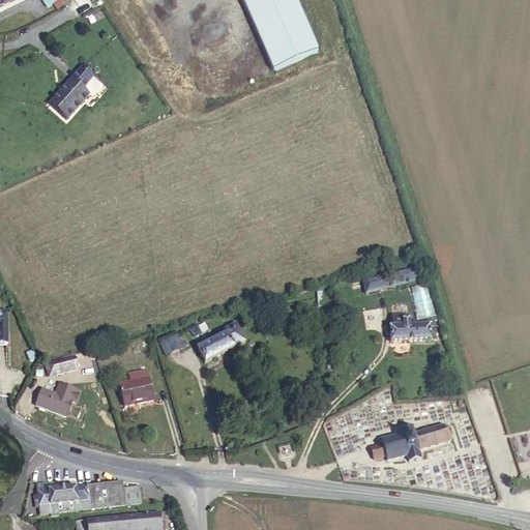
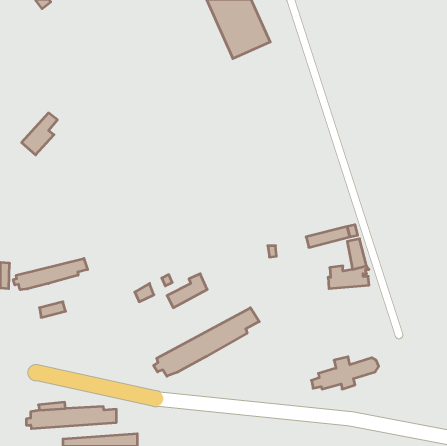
building: [50,66,92,116] -> [22,113,57,155]
building: none -> [13,258,88,290]
building: none -> [154,308,259,376]
building: [118,366,154,407] -> none
building: [35,383,77,414] -> none

